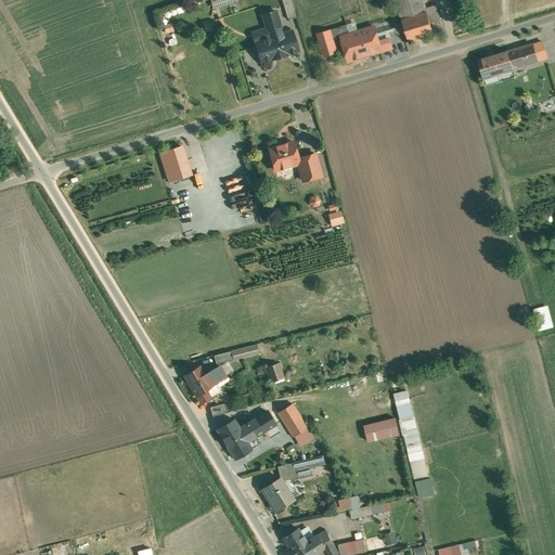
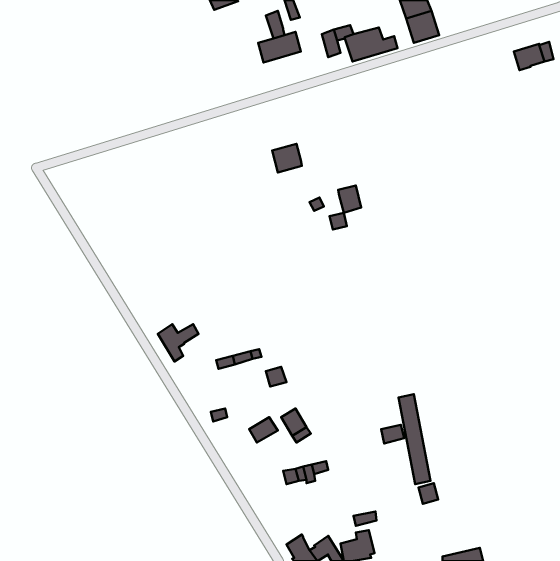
building: [478,51,513,85] -> none
building: [159,146,189,181] -> none
building: [297,154,320,181] -> [338,186,361,213]
building: [184,366,224,403] -> [158,324,199,361]
building: [217,420,254,459] -> none
building: [261,478,293,511] -> none

